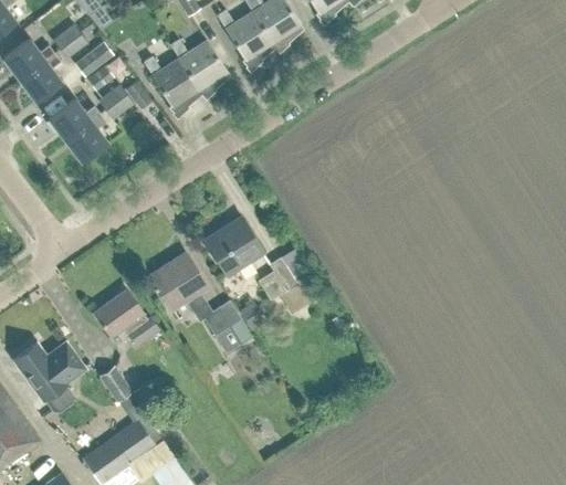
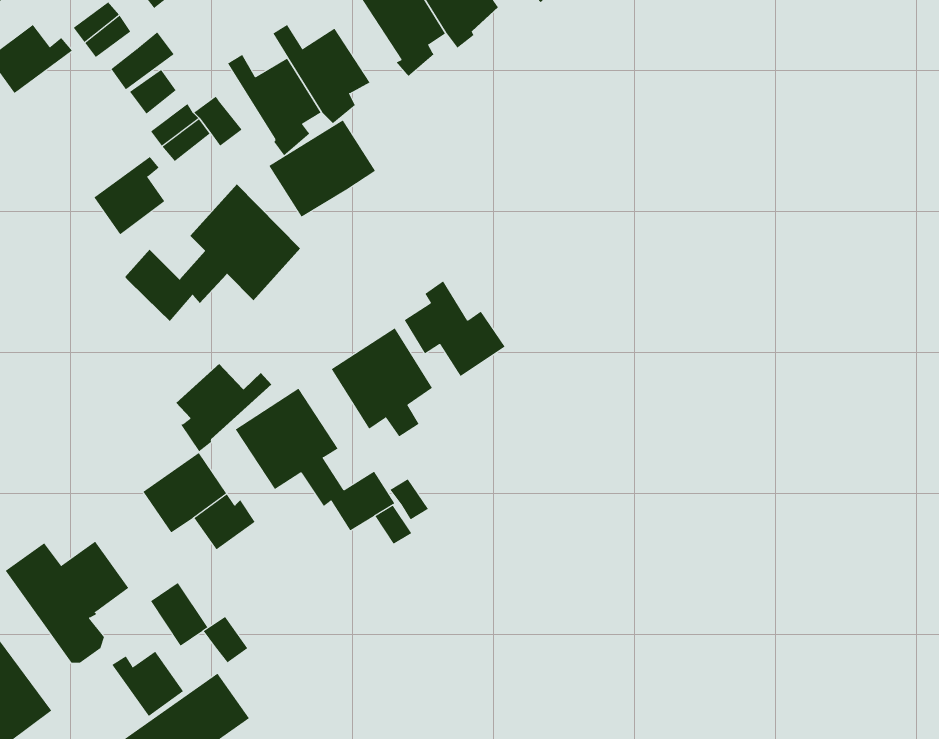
building: [19,54,62,102] -> none
building: none -> [268,119,376,217]
building: [49,99,98,140] -> none
building: none -> [125,183,301,322]
building: none -> [175,363,272,452]
building: [258,257,317,314] -> [404,281,506,377]
building: none -> [112,651,184,717]

